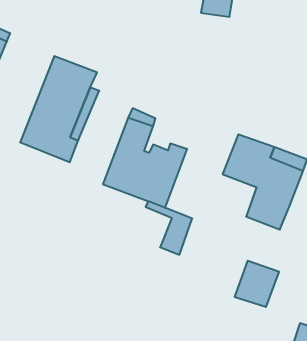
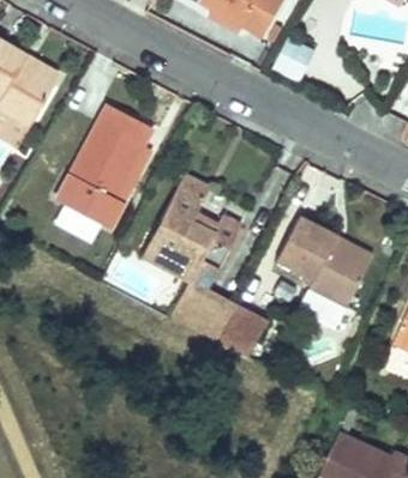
building: none -> [168,284,212,331]
building: [235,261,279,307] -> [216,303,269,357]

